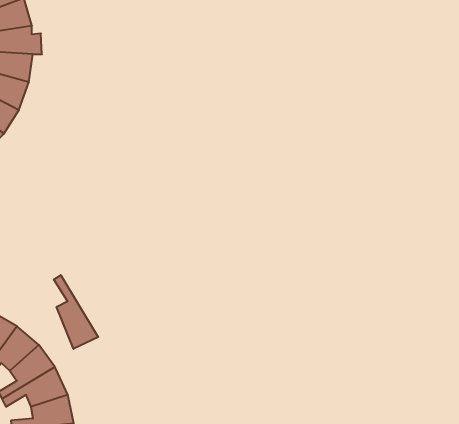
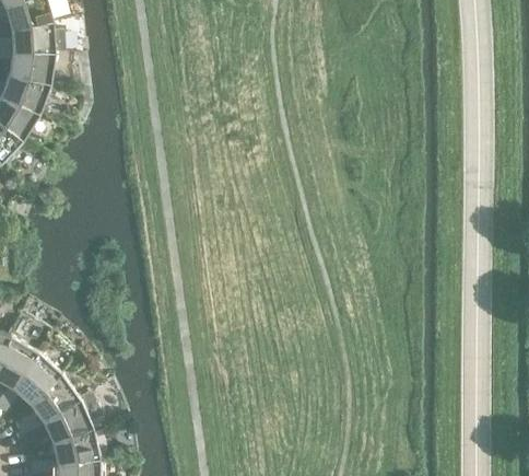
building: [54,275,98,349] -> none

